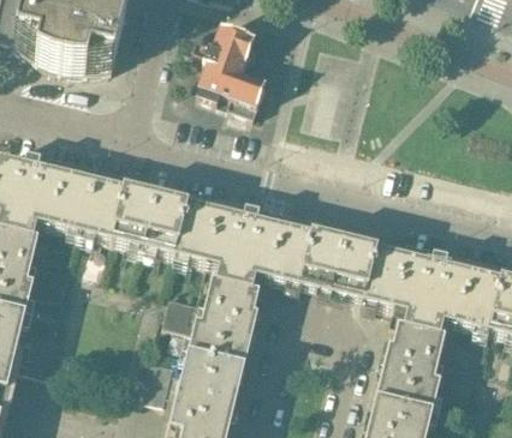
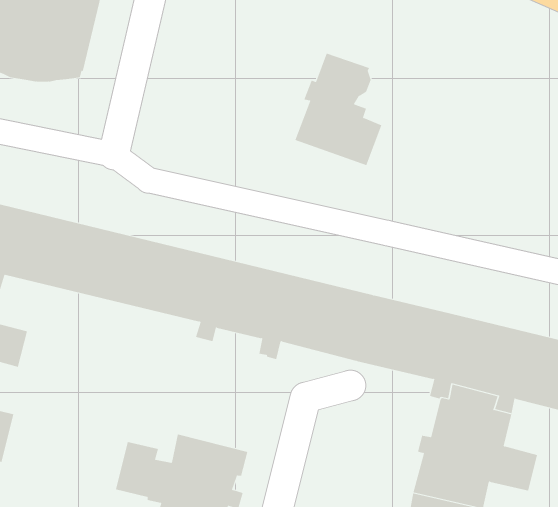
building: [202,24,272,114] -> [294,53,382,166]
building: [163,262,260,360] -> none

